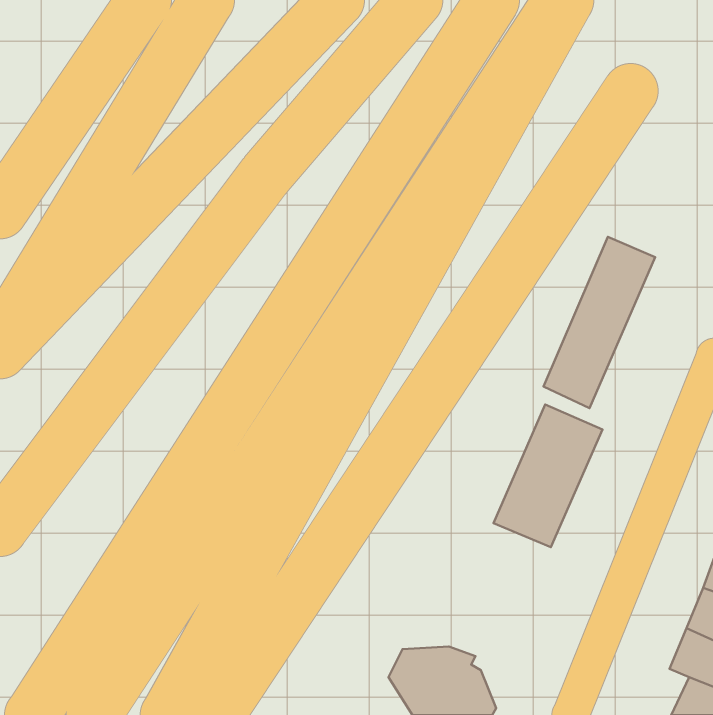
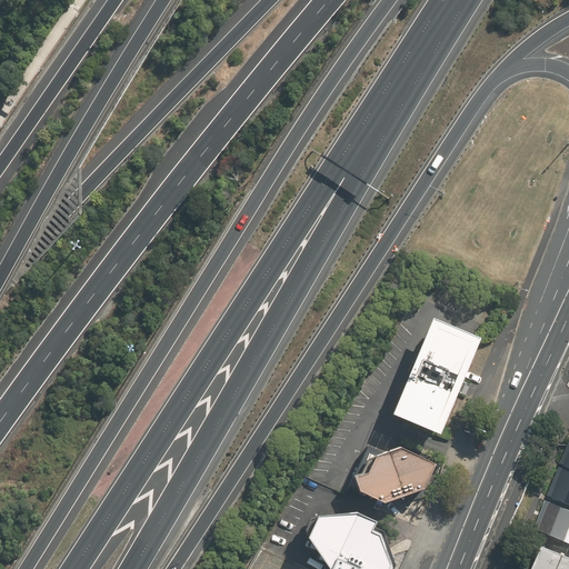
building: [543,237,655,408] -> none
building: none -> [353,445,435,503]

